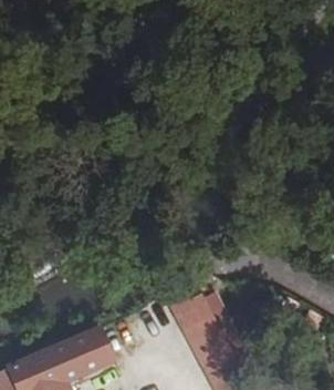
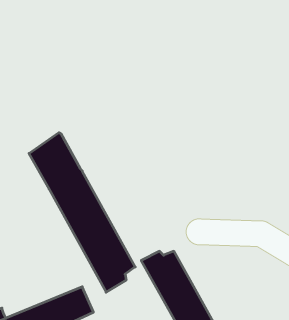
building: none -> [29,133,135,292]

